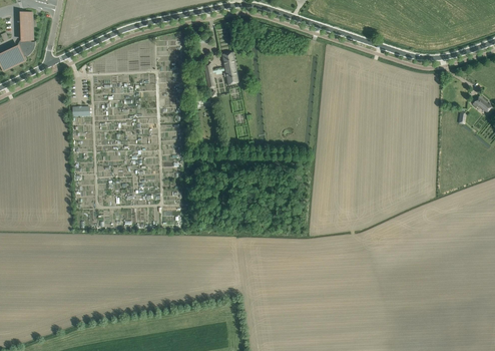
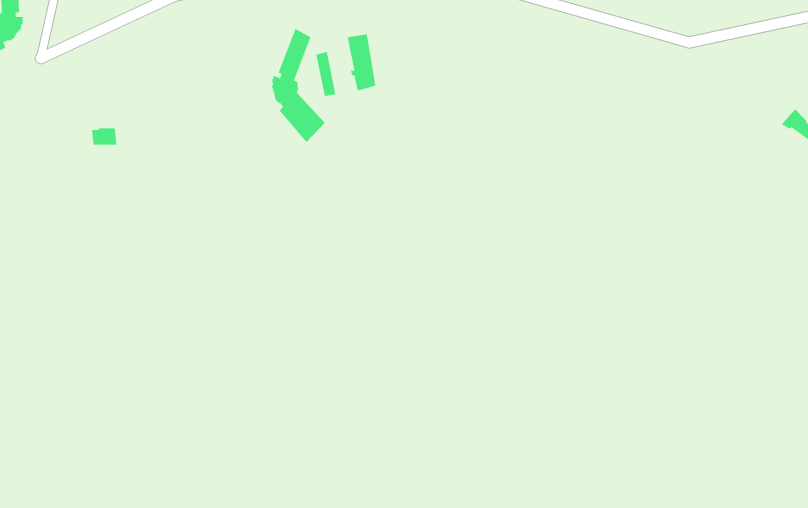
building: none -> [271,28,326,143]

